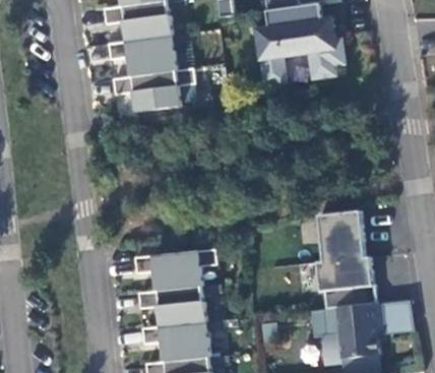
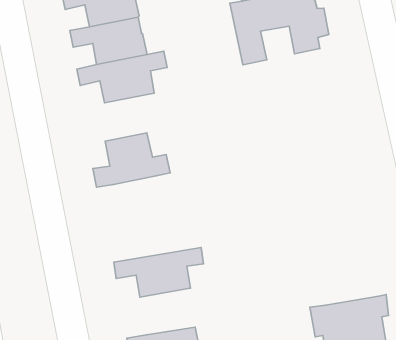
building: none -> [93,133,170,187]
building: [320,210,378,309] -> none
building: [140,286,208,325] -> none

